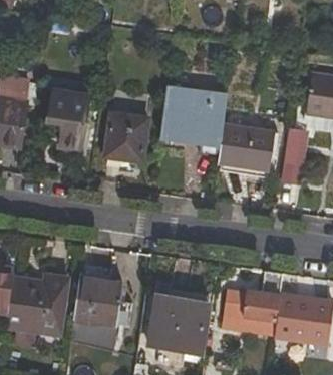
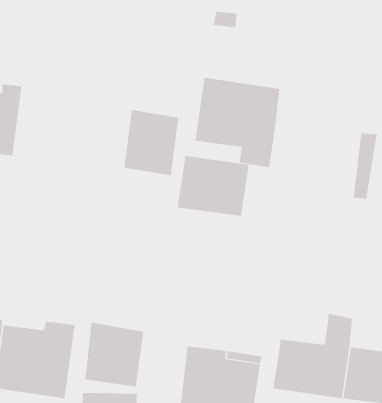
building: [46,90,87,148] -> none
building: [218,123,274,170] -> [177,156,249,216]

